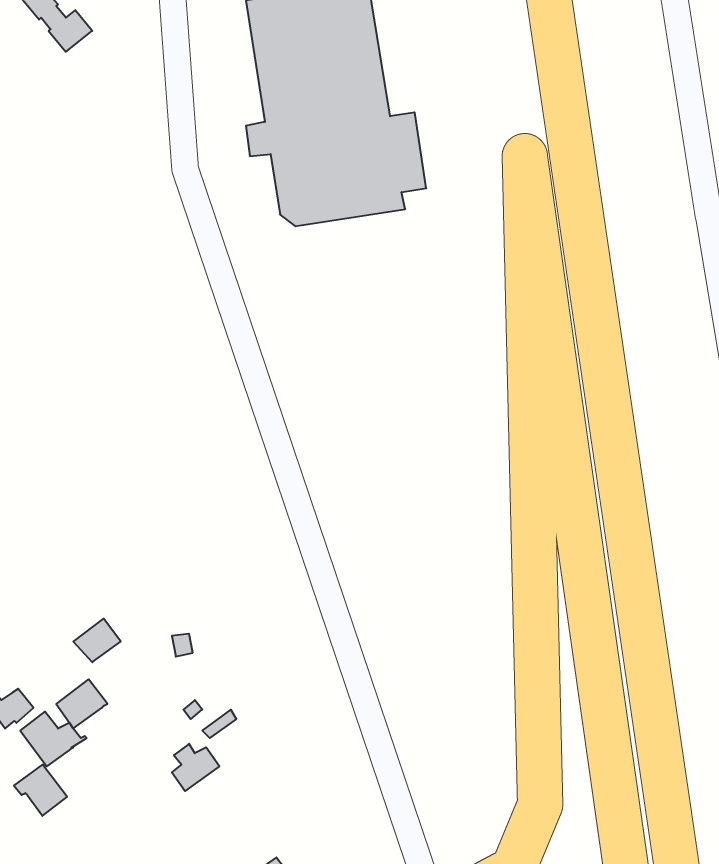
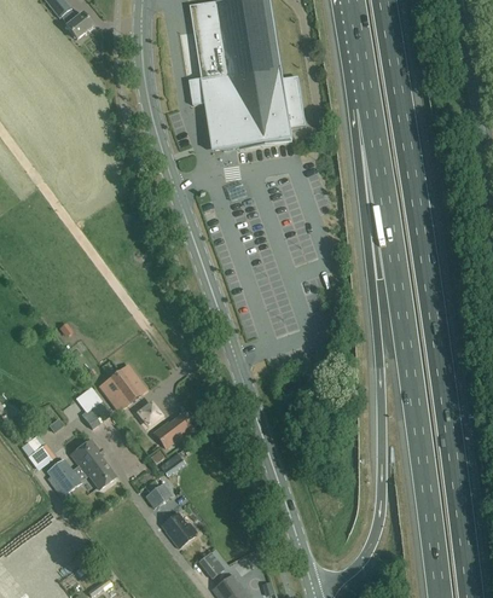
building: none -> [98,364,145,410]
building: none -> [152,412,192,446]
building: [14,765,67,816] -> [80,454,114,487]
building: none -> [160,510,193,546]

